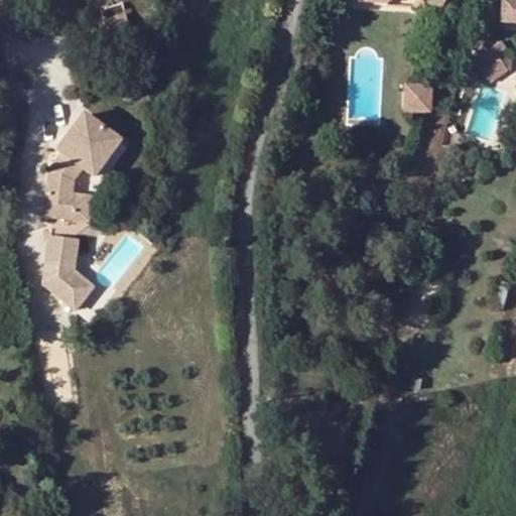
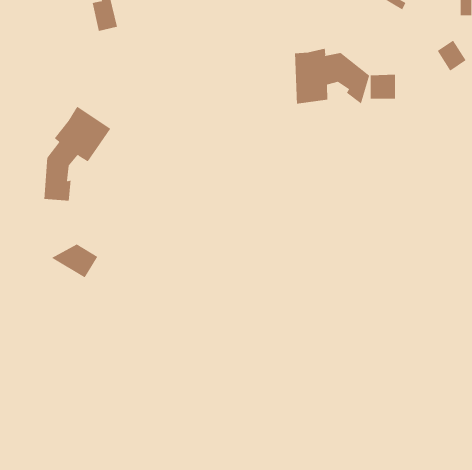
building: none -> [294,48,370,104]
building: [55,237,86,280] -> none

